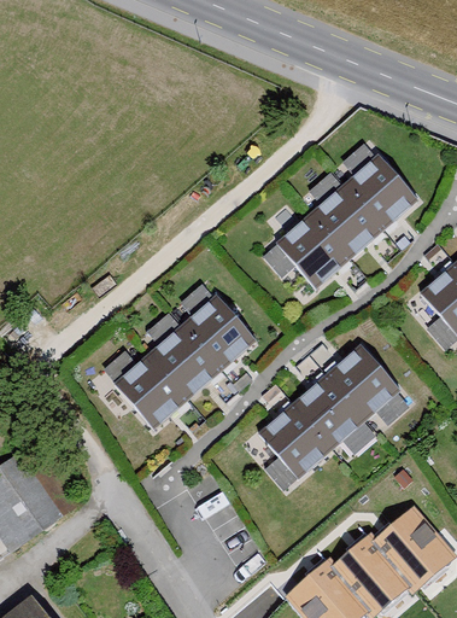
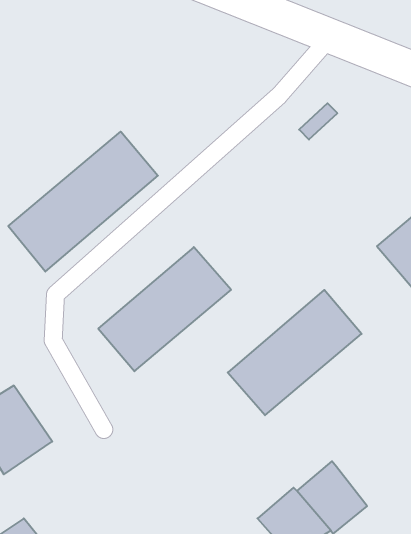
building: [273,153,420,291] -> none
building: none -> [8,132,158,272]
building: [374,506,451,588] -> none

